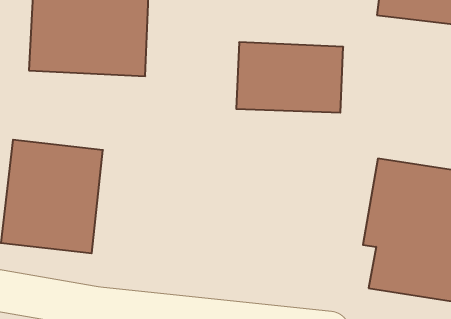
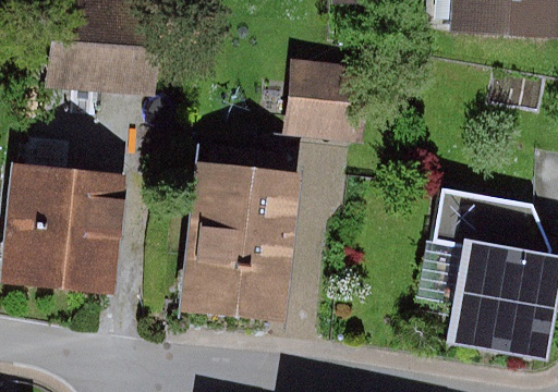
building: none -> [189,171,303,314]

